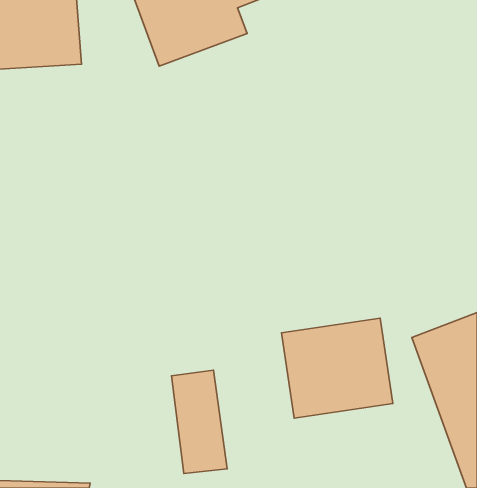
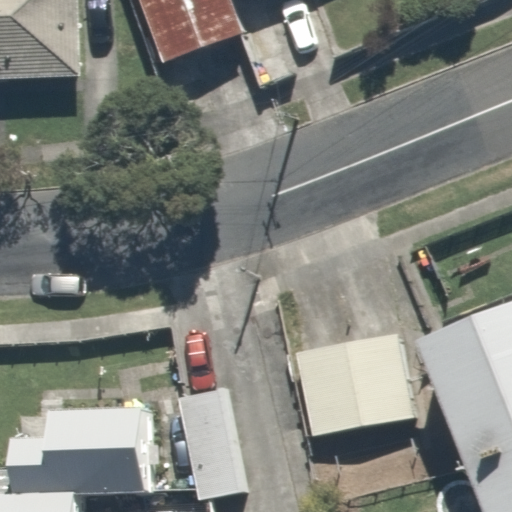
building: none -> [11,413,174,502]

